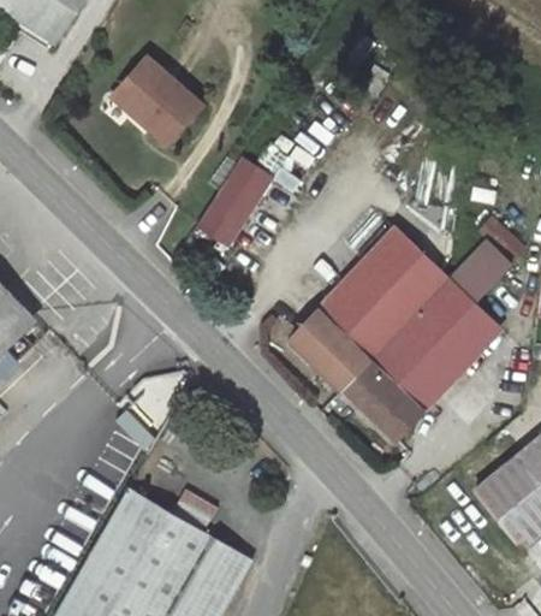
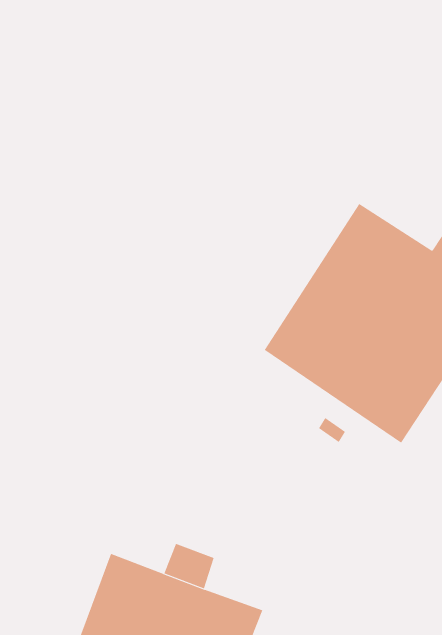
building: [113,57,203,146] -> none
building: [200,156,274,245] -> none

